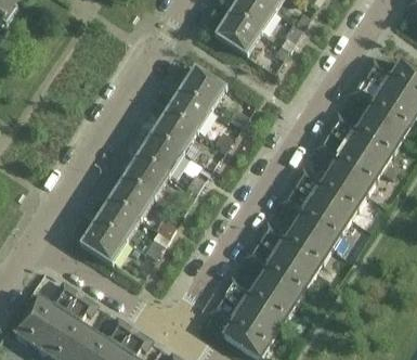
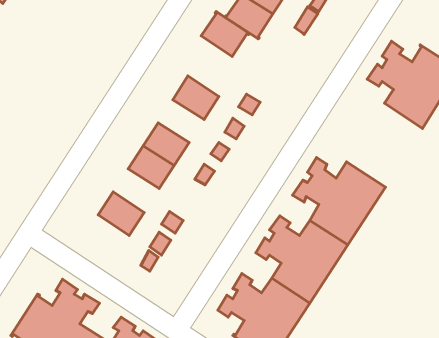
building: [179,67,224,110] -> [201,12,249,56]
building: [151,113,194,153] -> none
building: [313,113,400,195] -> none
building: [108,178,152,219] -> none
building: [79,221,123,263] -> none

